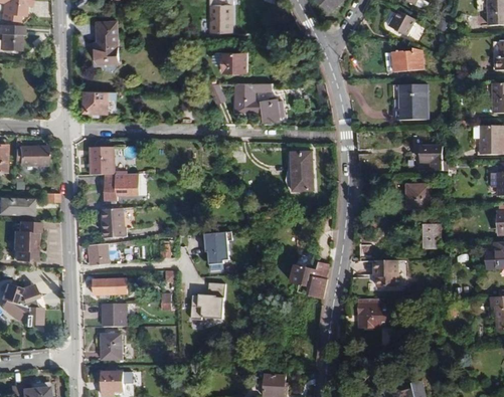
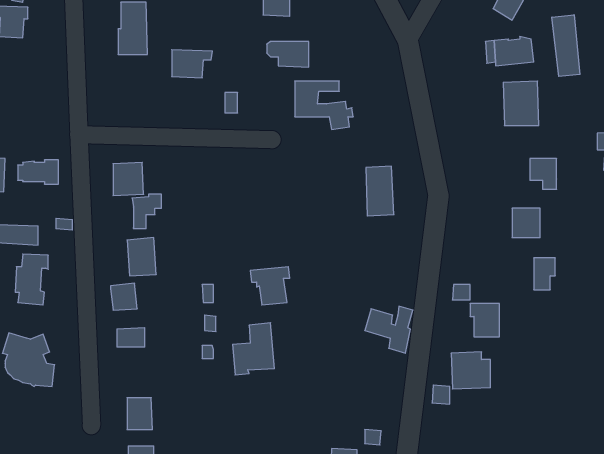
building: none -> [552,15,580,76]
building: [83,90,116,113] -> [172,50,212,78]
building: [103,304,127,328] -> none

